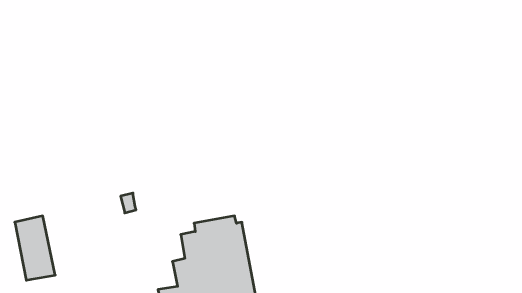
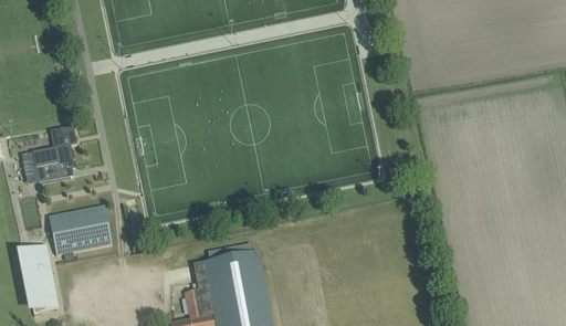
building: none -> [33,125,77,182]
building: none -> [49,204,112,254]

